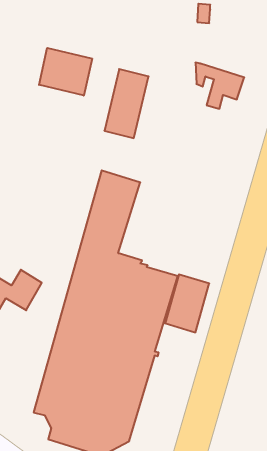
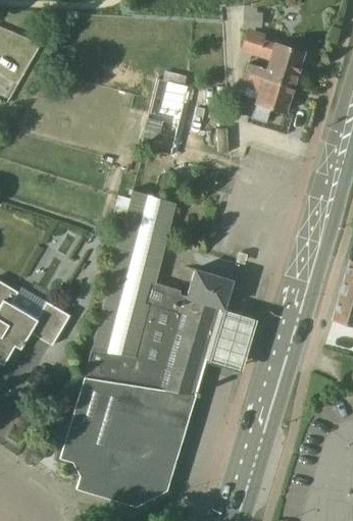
building: none -> [242,30,305,88]
building: [39,48,92,96] -> none
building: none -> [187,269,233,309]

